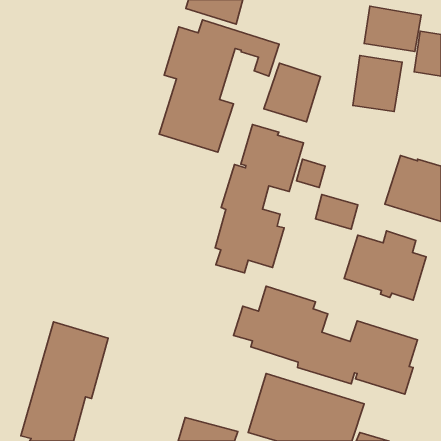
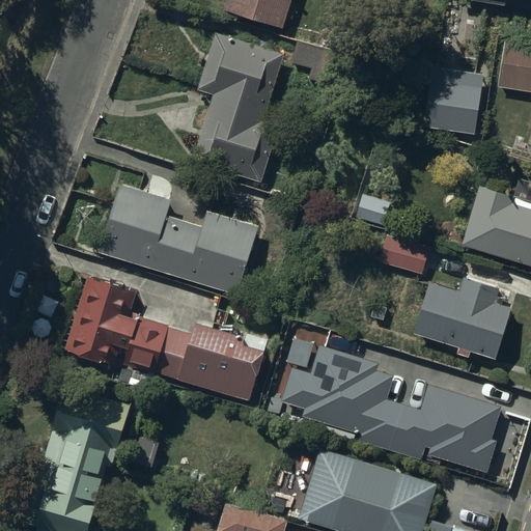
building: [364,6,421,52] -> none
building: [264,63,321,122] -> none
building: [215,124,304,273] -> none
building: none -> [97,183,259,296]
building: none -> [64,278,263,401]

